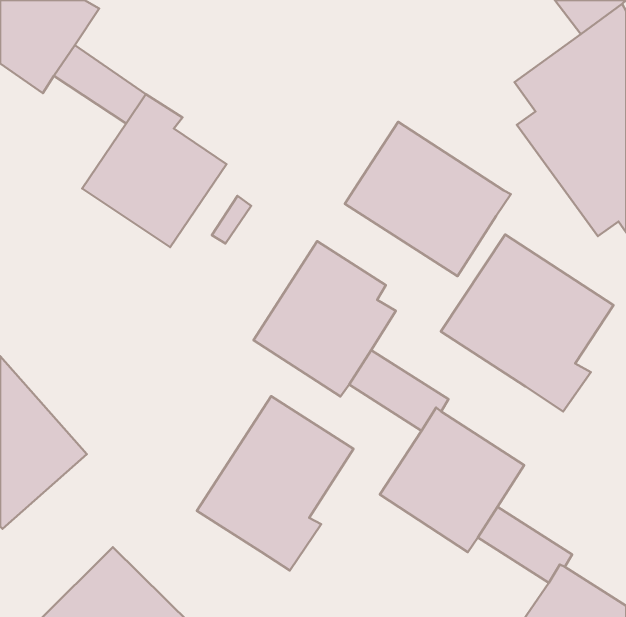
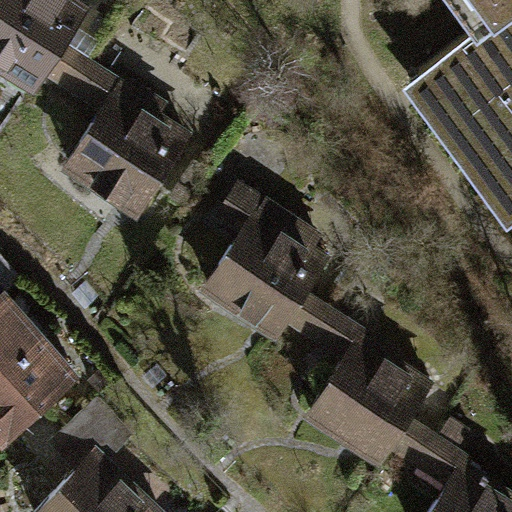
building: [345,122,511,276] -> none
building: [441,234,613,411] -> none
building: [197,396,354,571] -> none

